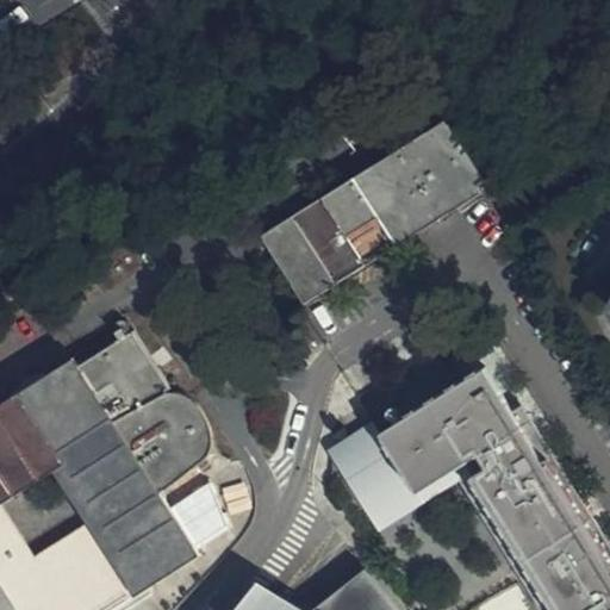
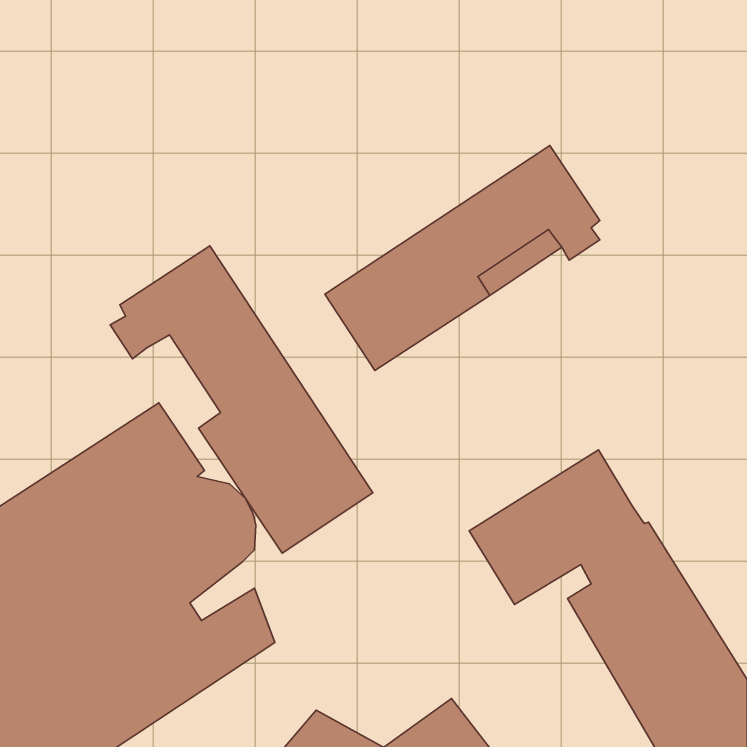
building: none -> [110,246,373,553]
building: [335,434,417,522] -> none

